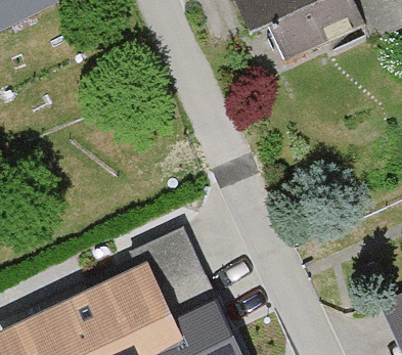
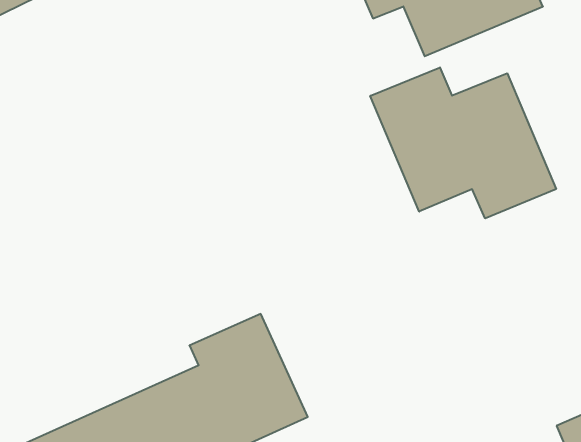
building: none -> [370,67,556,218]

